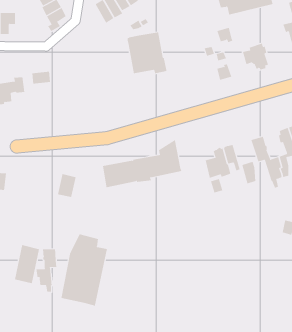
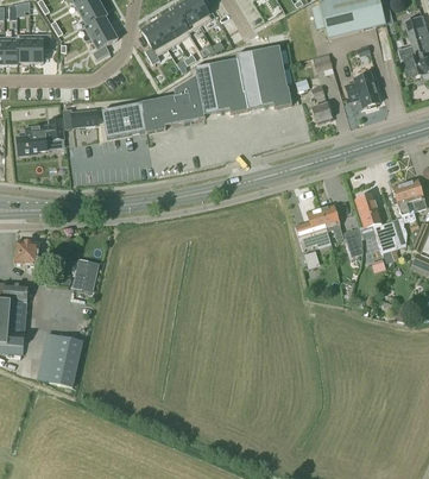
building: none -> [141,23,168,63]
building: none -> [235,45,291,108]
building: [102,139,182,188] -> [101,75,204,138]
building: [57,174,77,197] -> [72,259,97,290]
building: [61,233,107,306] -> none
building: [36,249,57,292] -> none

